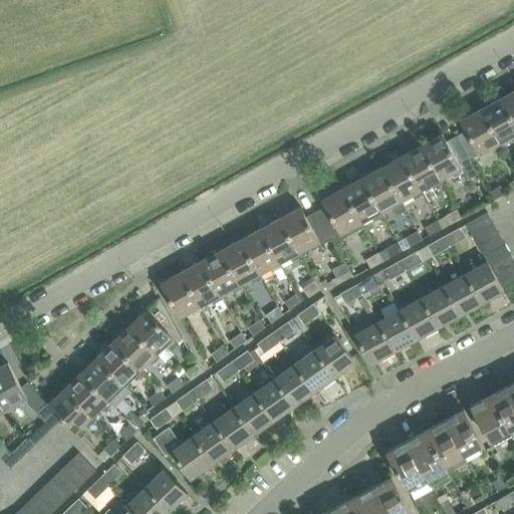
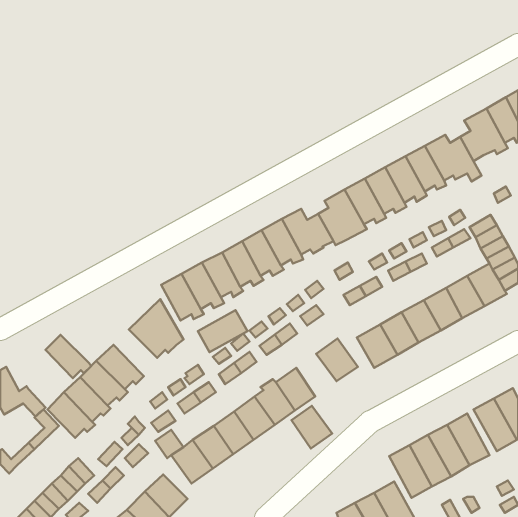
building: none -> [198,310,247,352]
building: [112,327,158,370] -> [45,335,91,378]
building: [293,351,333,394] -> [292,406,332,449]

